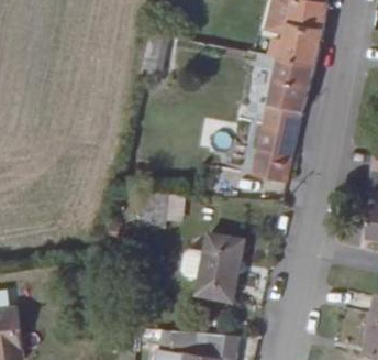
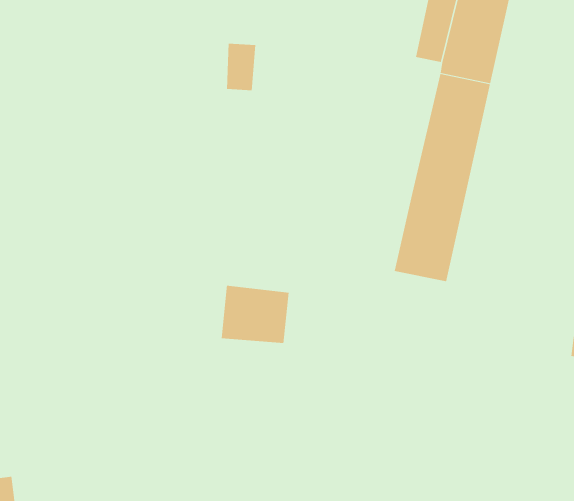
building: [199,234,245,303] -> none

